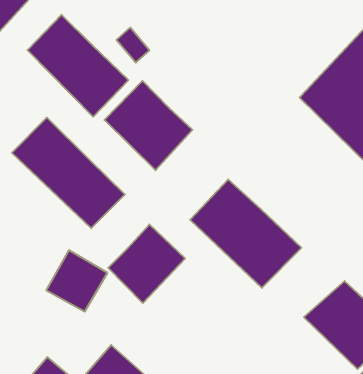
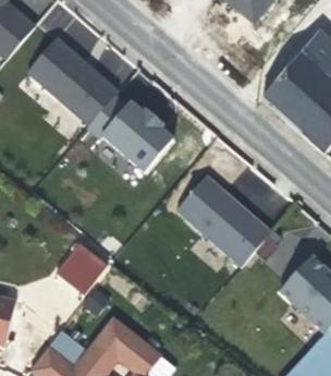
building: [12,118,125,228] -> none
building: [108,224,185,303] -> none

